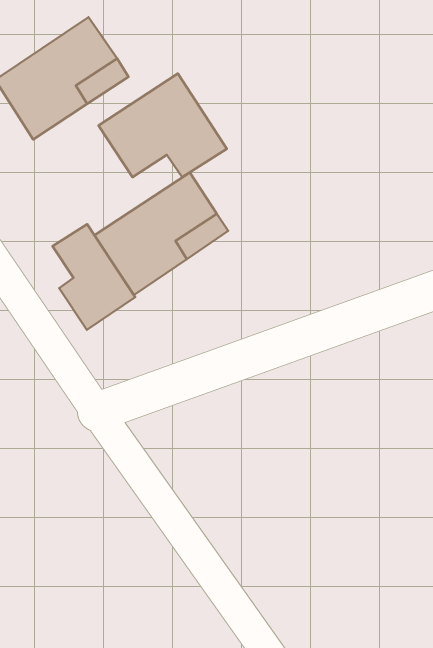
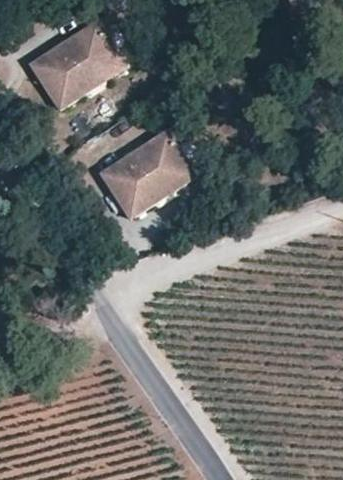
building: [98,73,227,177] -> none
building: [52,224,135,330] -> none

